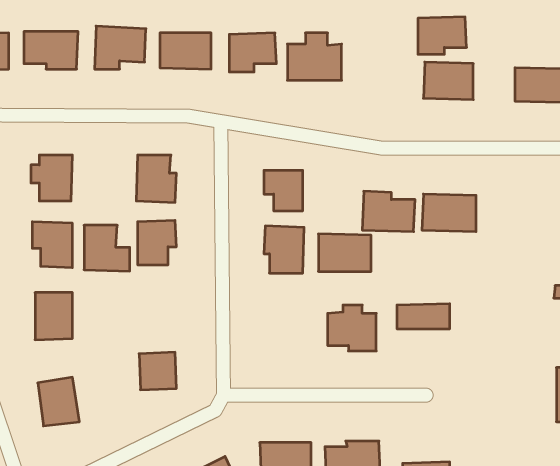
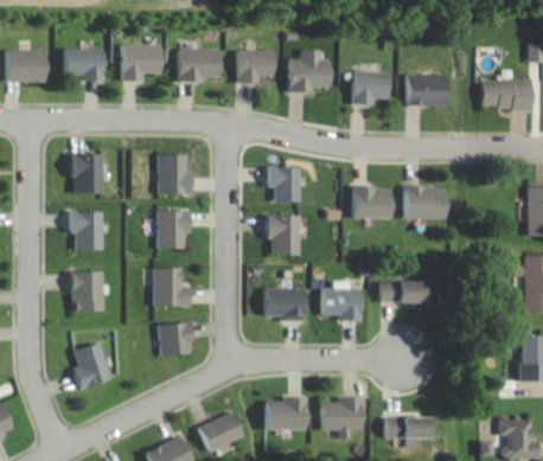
building: [418,17,467,54] -> [351,72,392,104]
building: [84,225,130,271] -> [154,268,193,307]
building: [318,234,371,271] -> [263,288,308,320]

